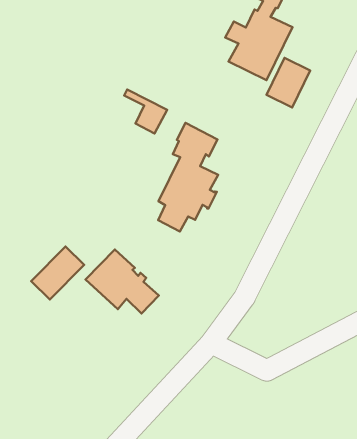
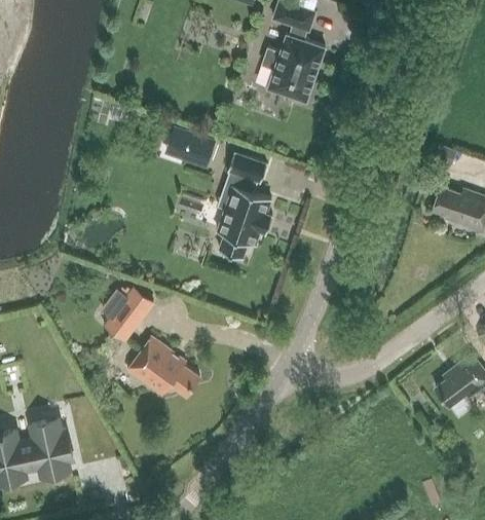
building: [267,58,310,107] -> none
building: [85,249,159,313] -> [126,339,199,398]

